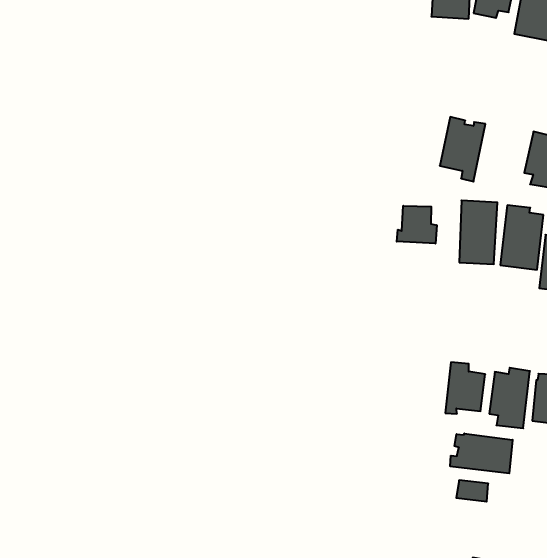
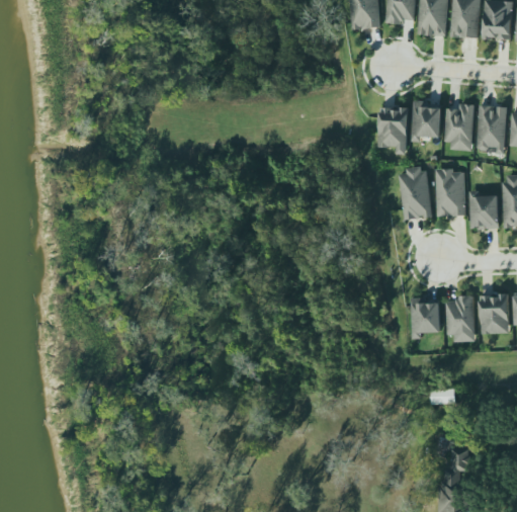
building: none -> [412,100,442,142]
building: [397,206,437,244] -> none
building: [450,433,513,473] -> none

